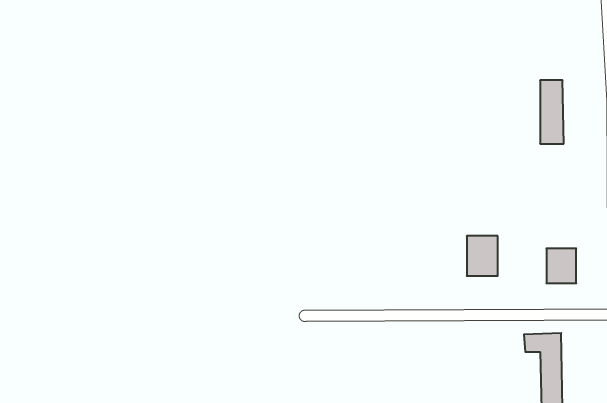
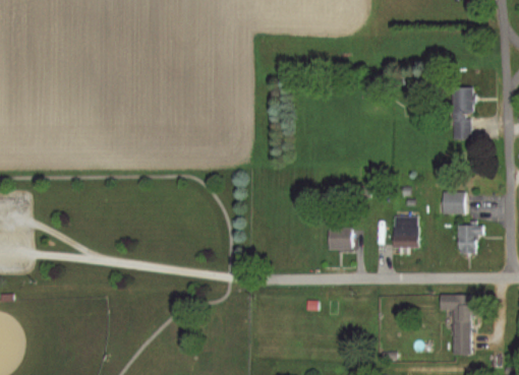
building: none -> [442,192,466,213]
building: none -> [328,227,352,249]

